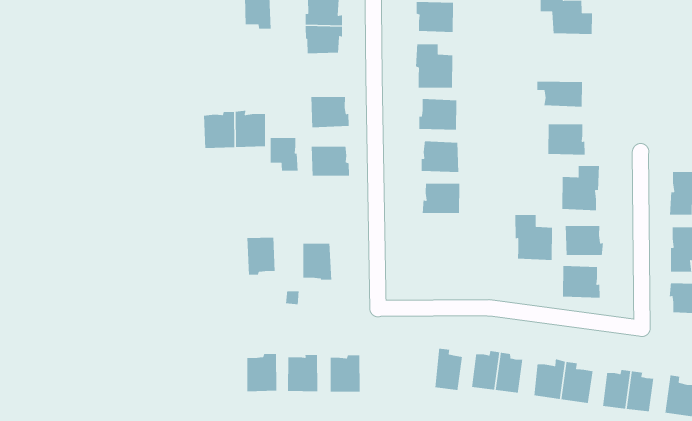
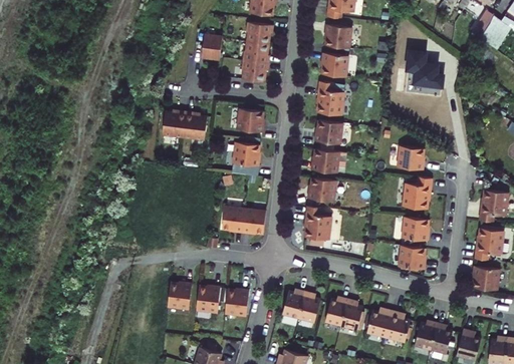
building: [536,81,583,108] -> none
building: [270,137,299,171] -> none
building: [515,214,553,261] -> [306,205,333,240]
building: [246,237,276,275] -> [240,210,261,237]
building: none -> [285,290,307,318]

